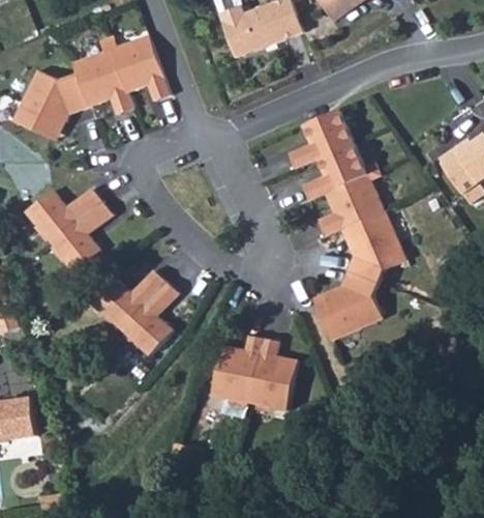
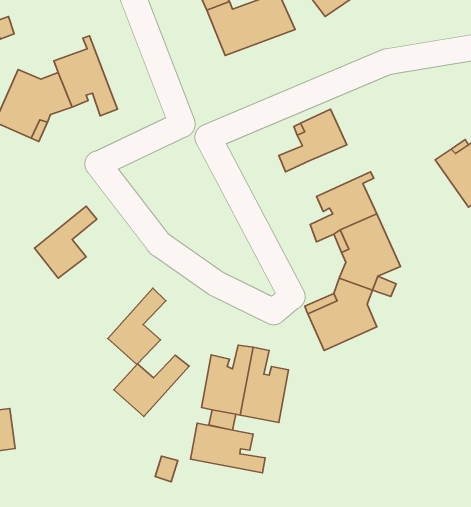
building: [105,34,170,100] -> none
building: [301,143,375,200] -> none
building: [29,189,102,242] -> none
building: [94,270,167,329] -> [114,355,189,417]
building: none -> [190,423,265,473]

